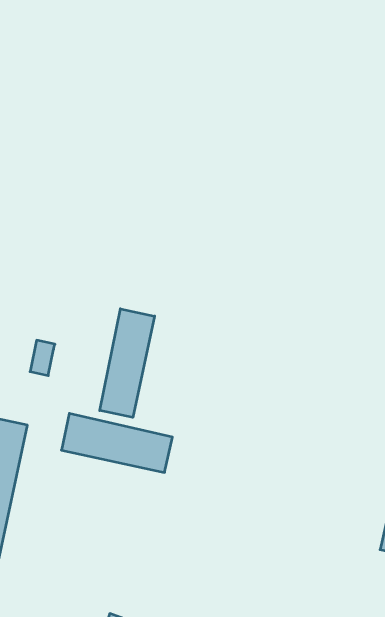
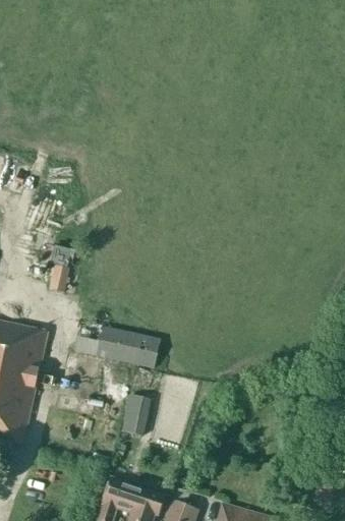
building: [100,309,155,417] -> none
building: none -> [121,396,151,437]

